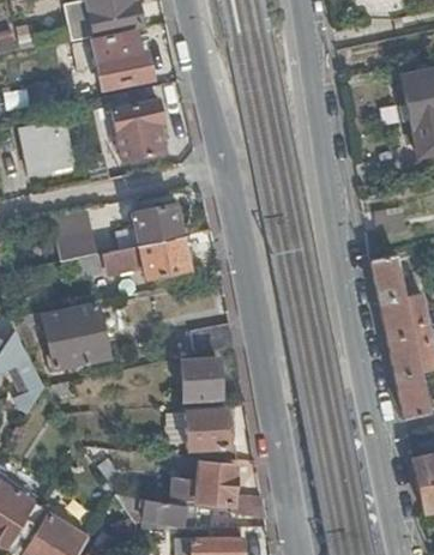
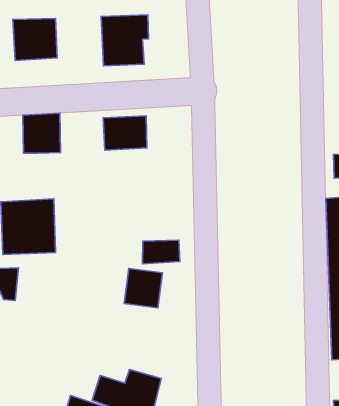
building: [72,236,187,280] -> none
building: [186,411,227,448] -> none

